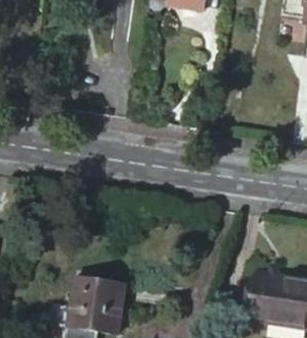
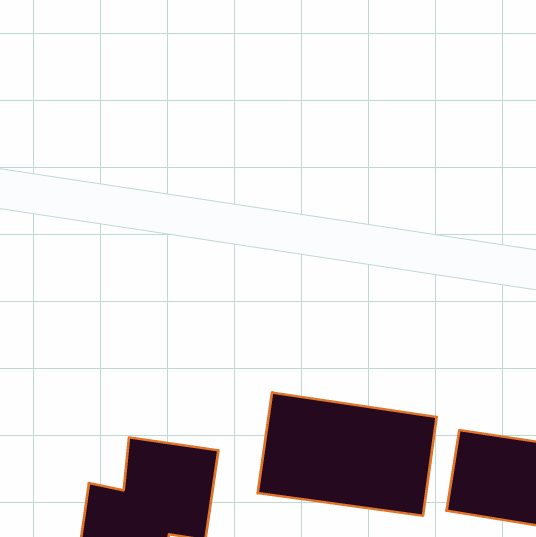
building: none -> [258,392,437,516]

